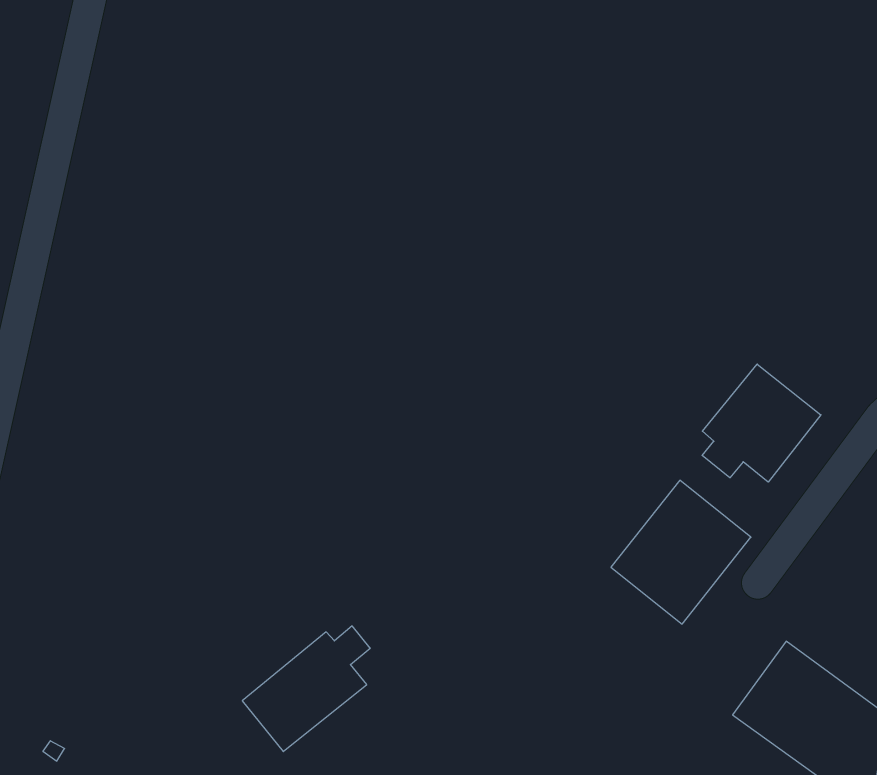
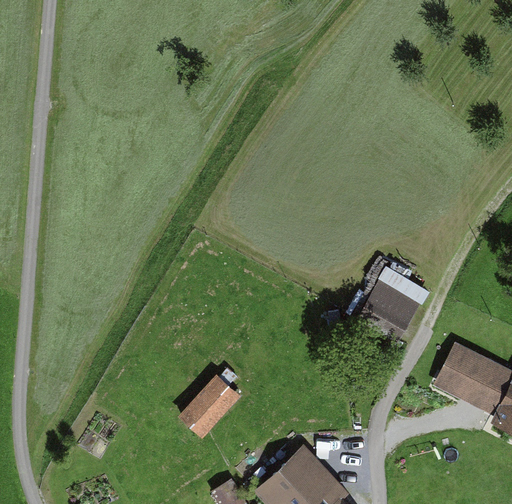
building: [702,364,821,482] -> none

